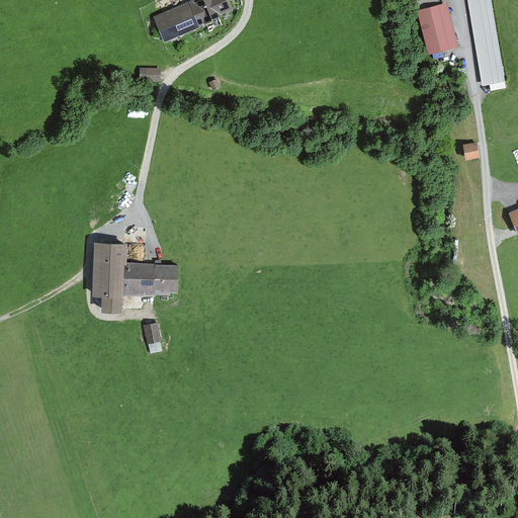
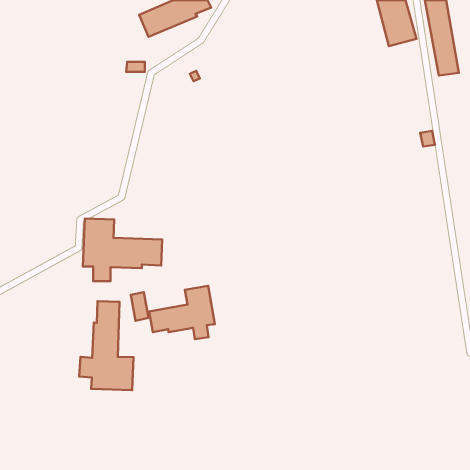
building: none -> [149,286,215,339]
building: none -> [79,301,133,390]

